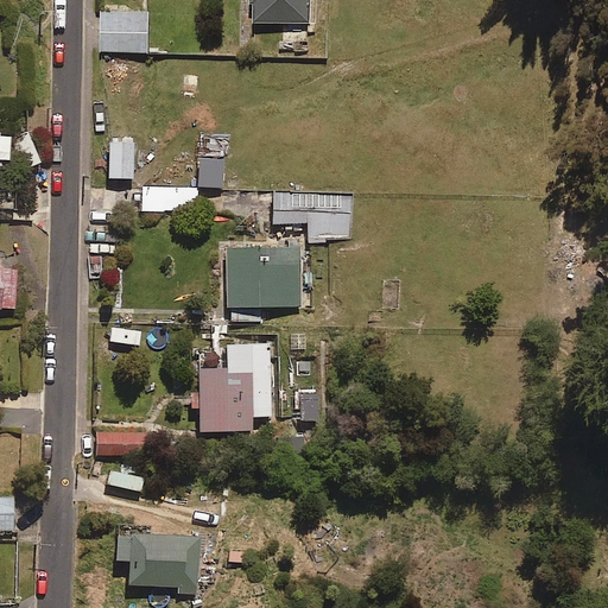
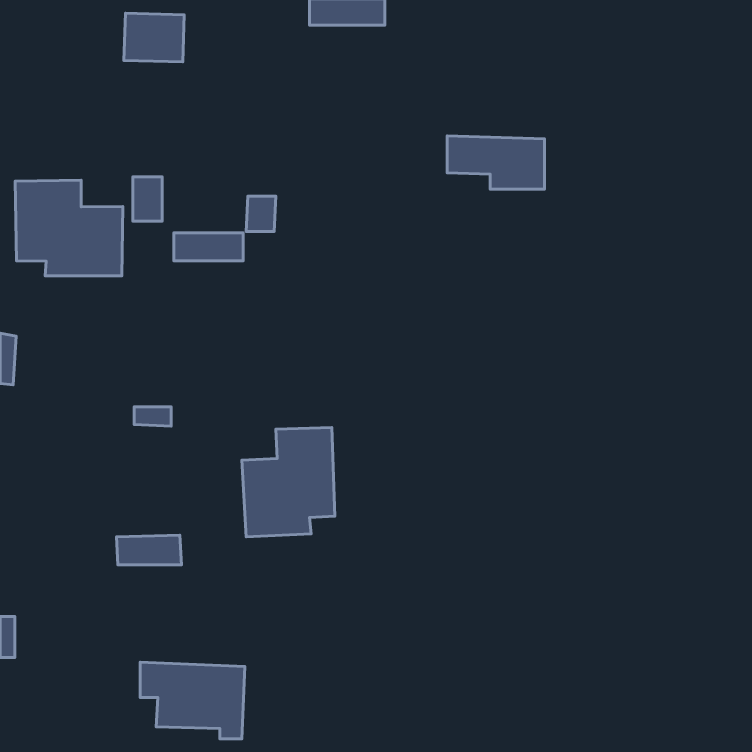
building: none -> [15,180,123,276]
building: [274,192,353,235] -> [447,136,545,189]
building: [226,247,302,308] -> none

